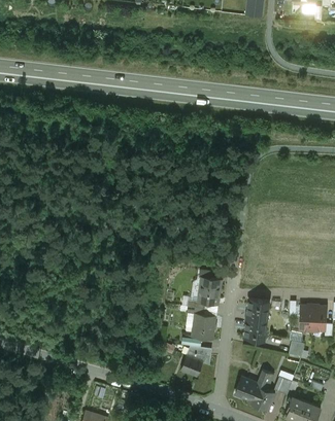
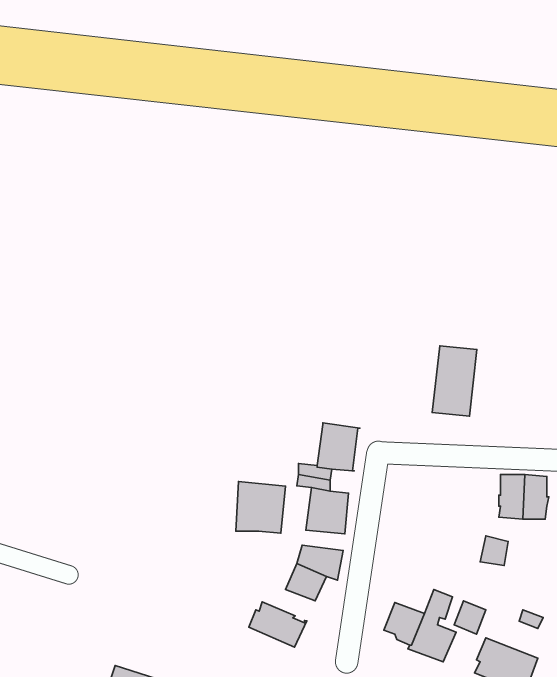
building: [242,301,267,340] -> [432,346,477,416]
building: none -> [236,482,285,533]
building: none -> [249,602,307,647]

